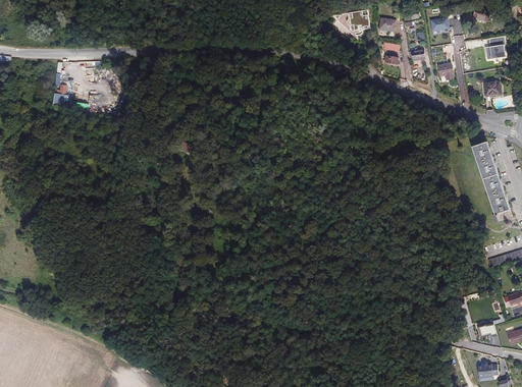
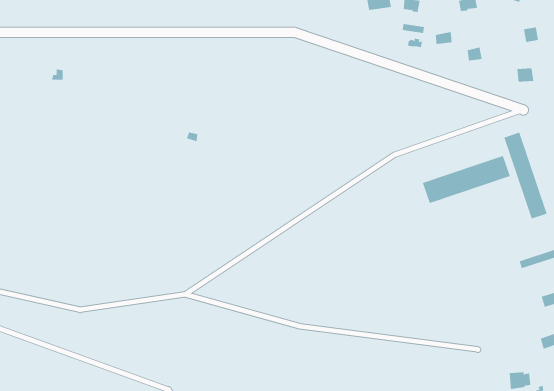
building: none -> [422,155,510,204]

